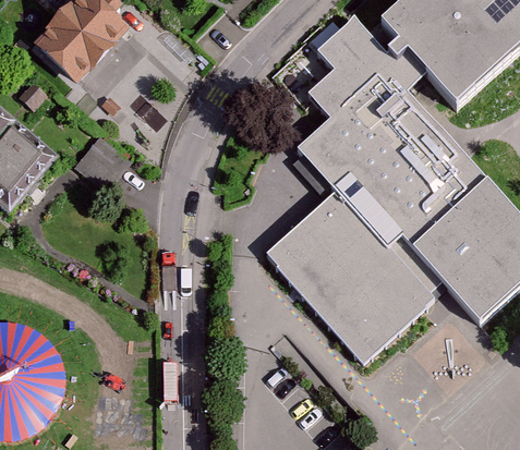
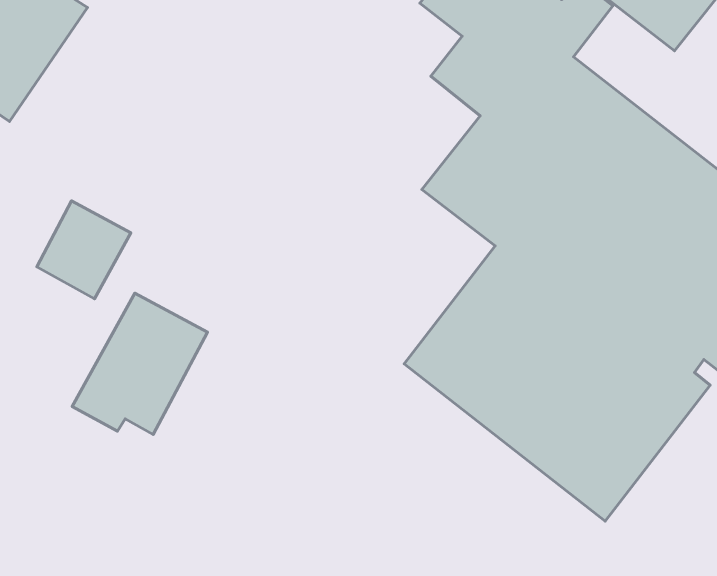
building: none -> [72,293,207,435]

